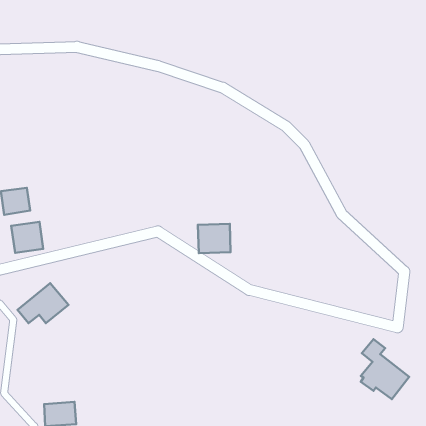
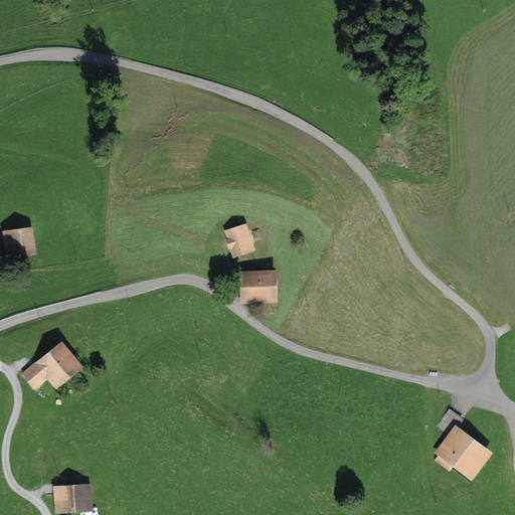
building: none -> [223,223,255,258]
building: [11,222,43,253] -> none

